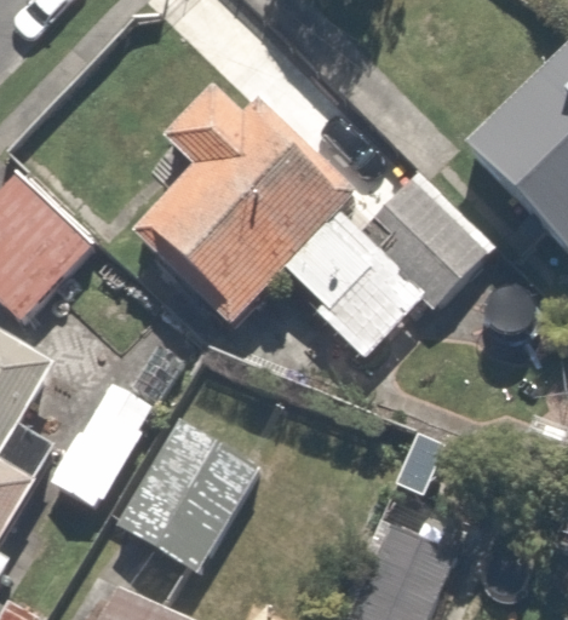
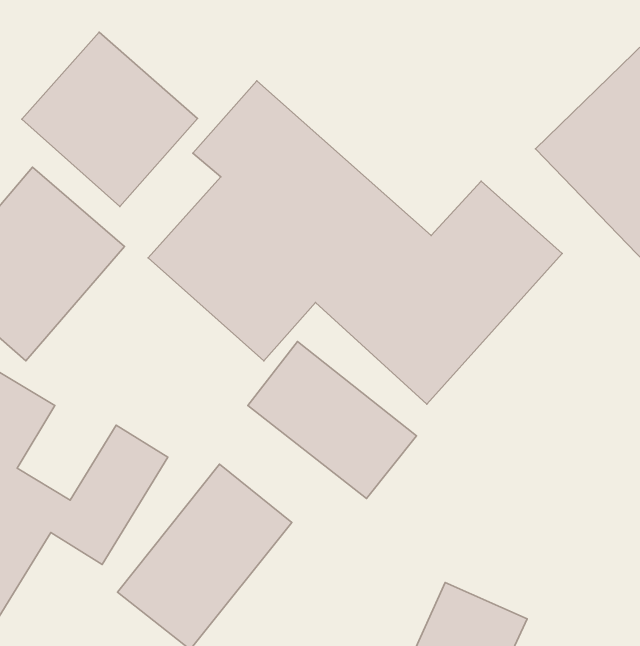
building: none -> [22,32,198,207]
building: none -> [248,341,417,499]

